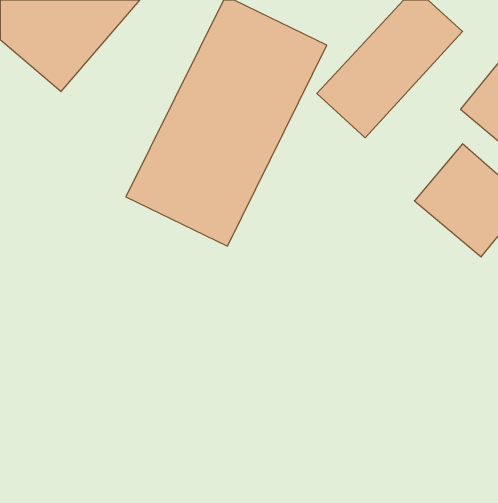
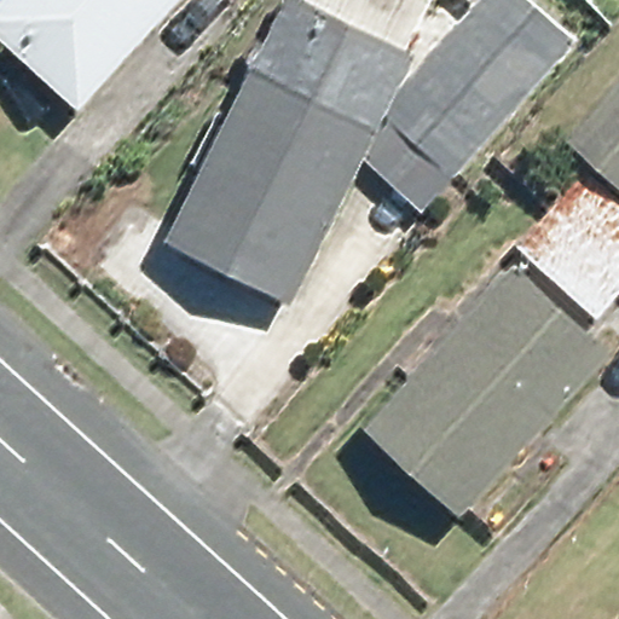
building: none -> [361,260,613,520]

